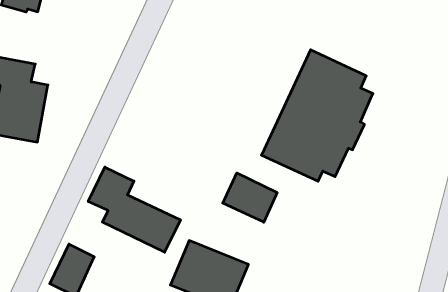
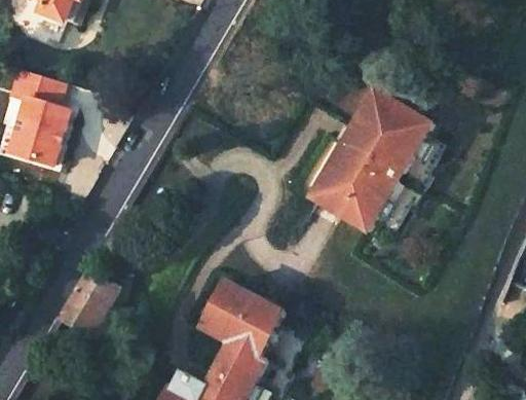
building: [88,167,180,252] -> none
building: [223,173,277,222] -> none

